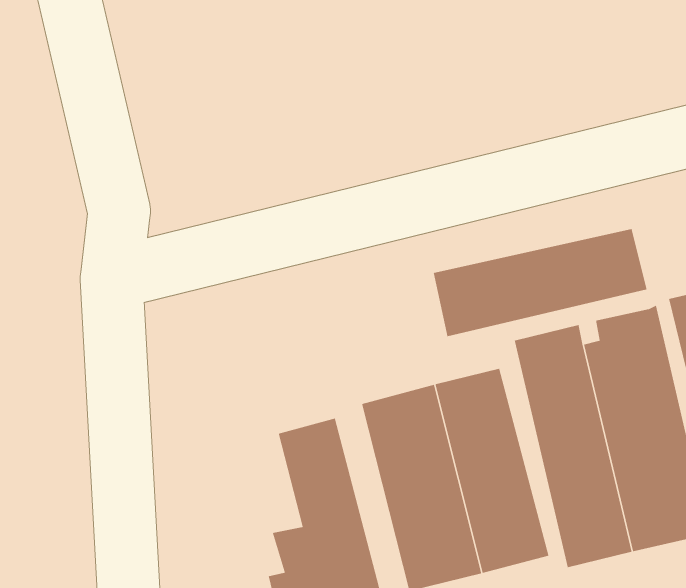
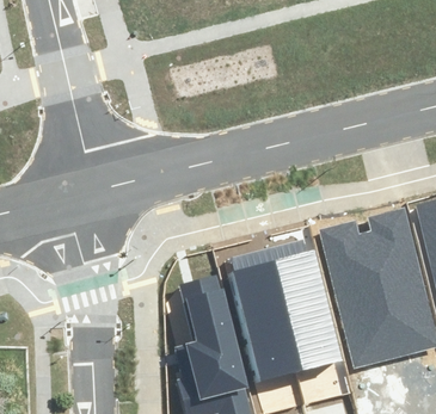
building: [433,228,647,337] -> none

